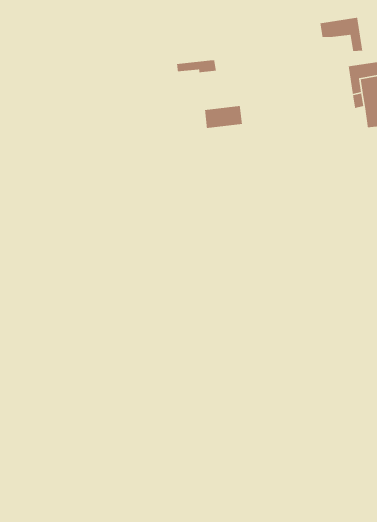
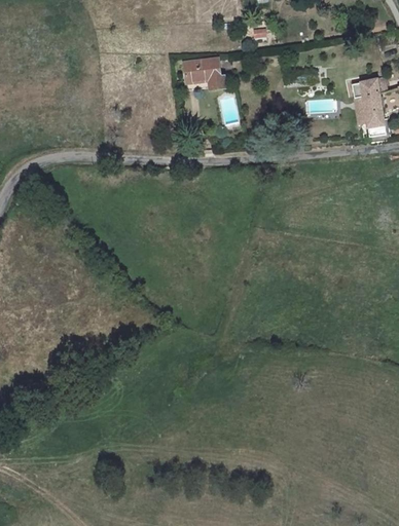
building: [320,17,363,52] -> none
building: [204,105,243,129] -> [184,57,221,79]

